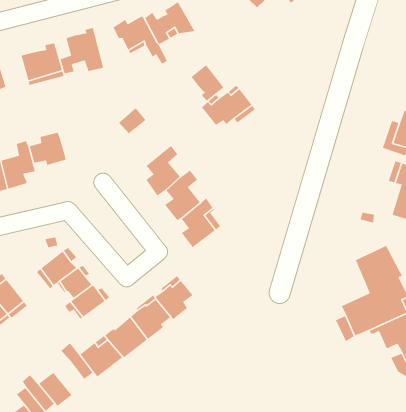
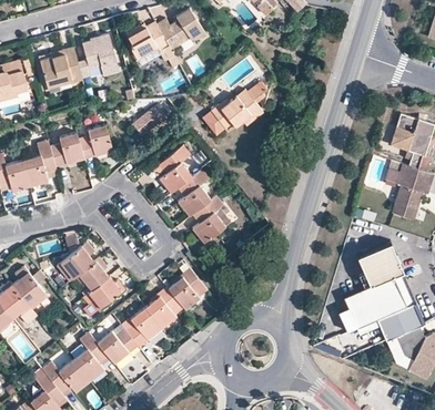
building: [190,64,224,101] -> none
building: none -> [79,125,111,156]
building: none -> [72,348,104,381]

